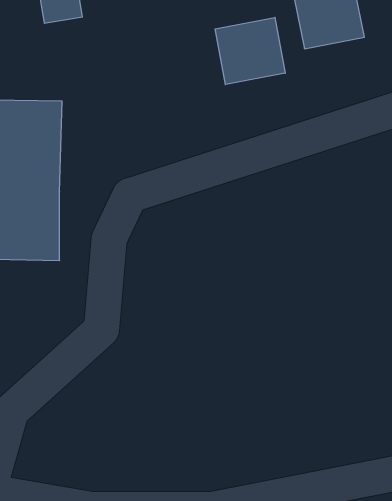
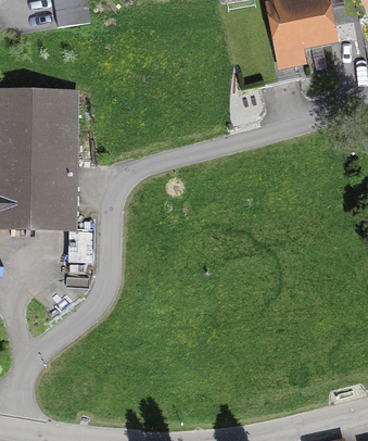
building: [215,17,285,85] -> none

